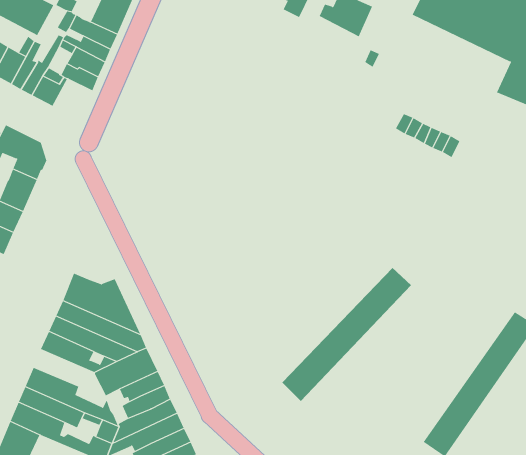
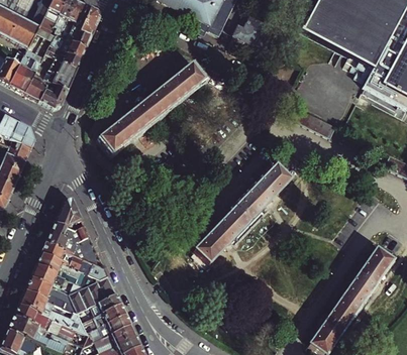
building: none -> [100,65,203,152]
building: none -> [39,80,69,108]
building: none -> [55,197,82,226]
building: [281,267,412,402] -> [195,165,290,263]
building: none -> [25,276,70,307]

